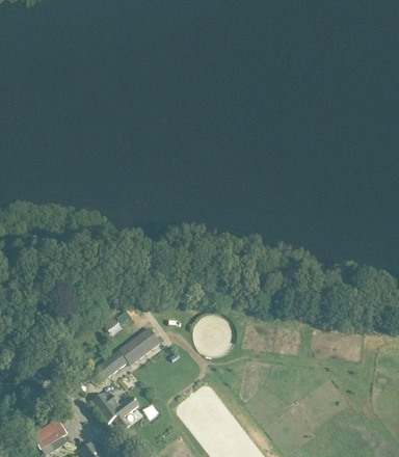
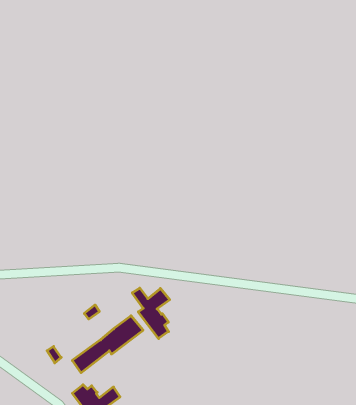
building: none -> [132,288,170,339]

